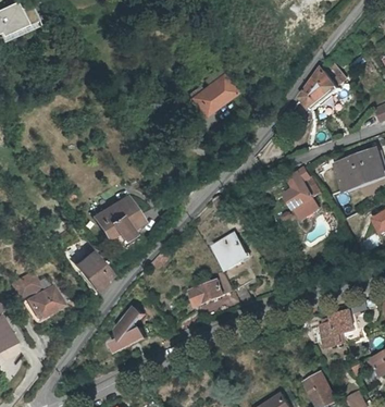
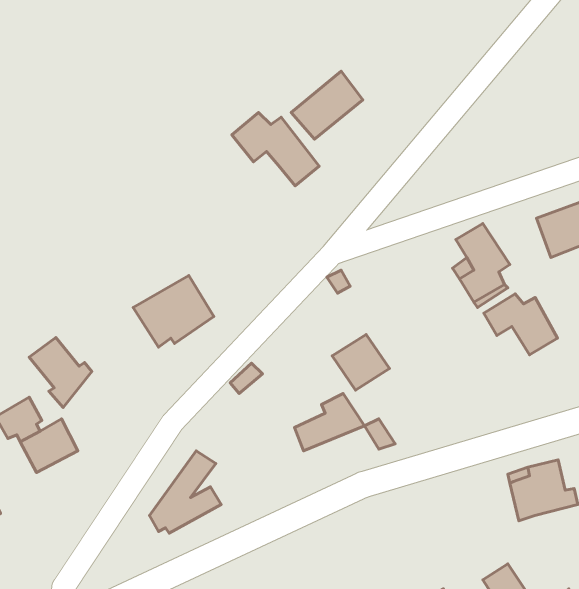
building: [301,58,346,108] -> none
building: none -> [232,113,319,186]
building: none -> [484,294,557,355]
building: [75,254,113,296] -> [29,338,92,407]

